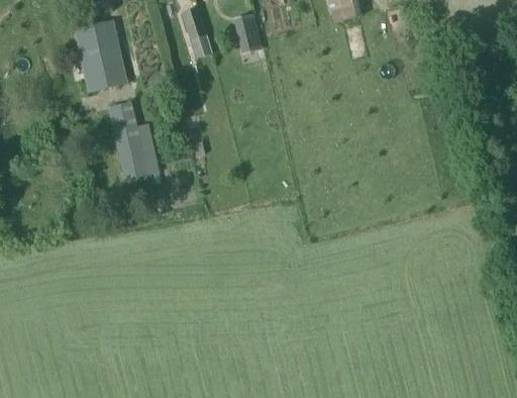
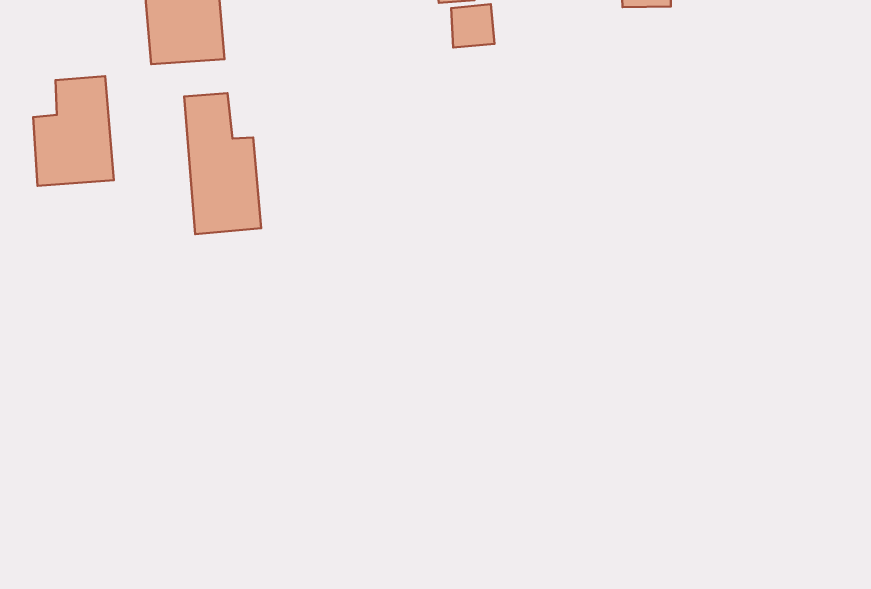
building: none -> [33,76,114,186]

